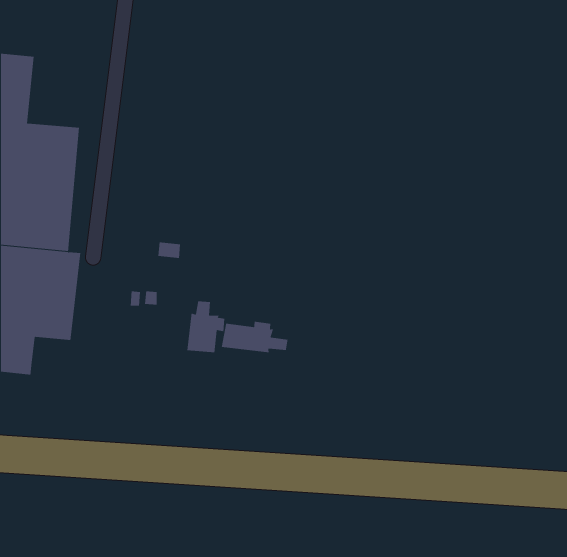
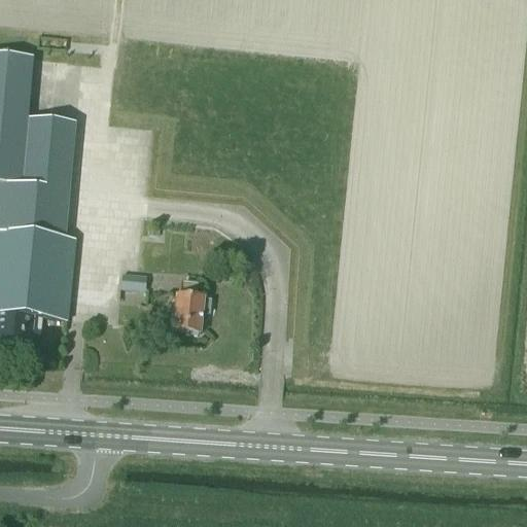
building: [221,321,288,353] -> none

